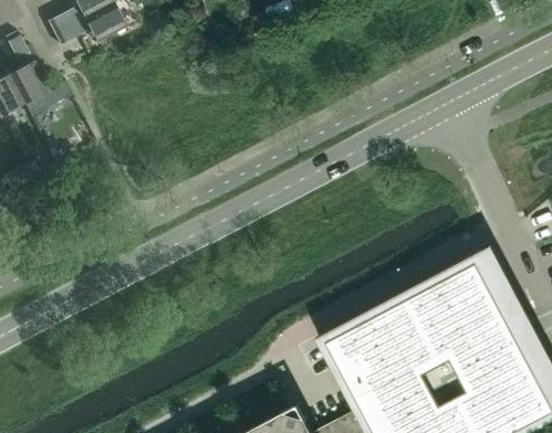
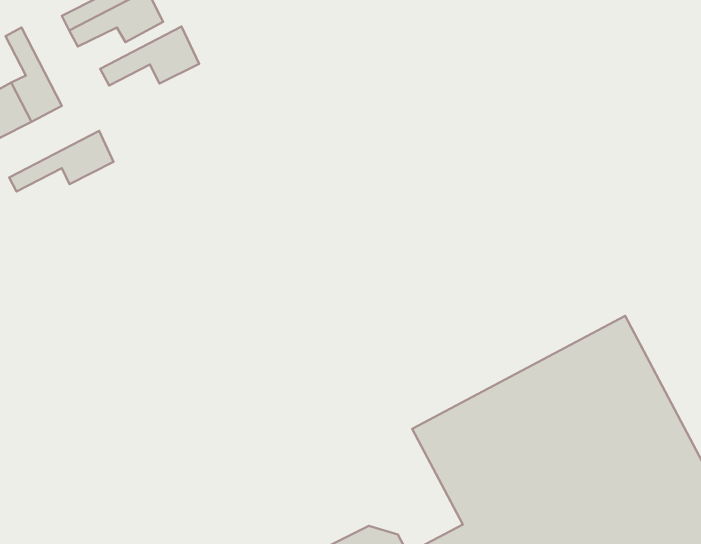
building: none -> [100,26,199,86]
building: none -> [9,131,114,192]

